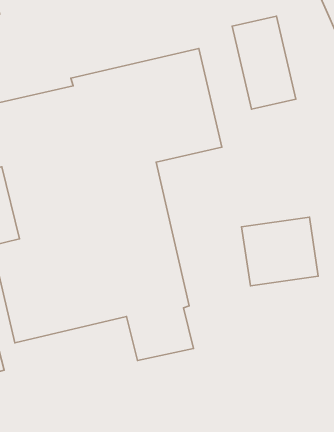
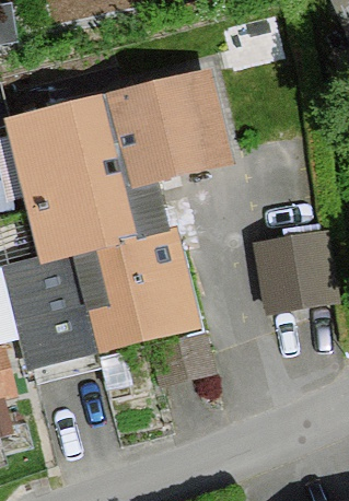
building: [232,16,296,109] -> none

